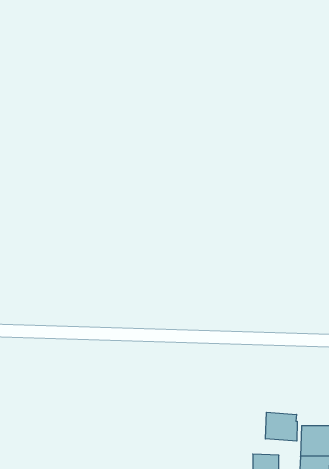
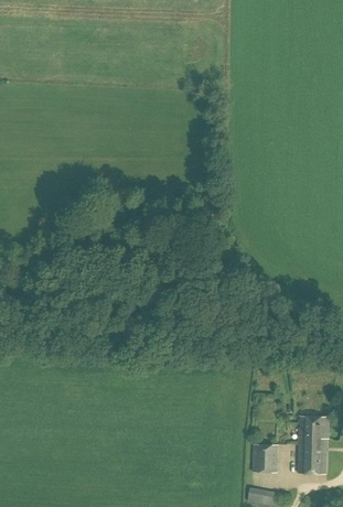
building: [265,412,297,441] -> none

